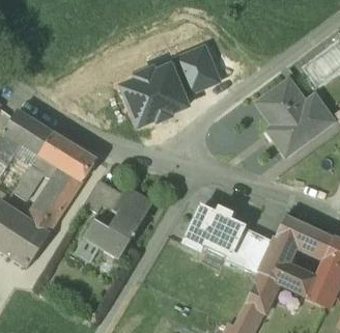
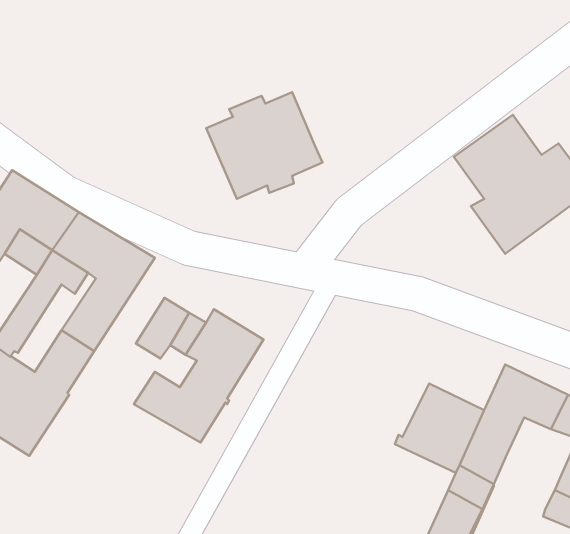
building: [169,46,219,95] -> none
building: [183,205,244,254] -> none
building: [279,263,315,294] -> none

